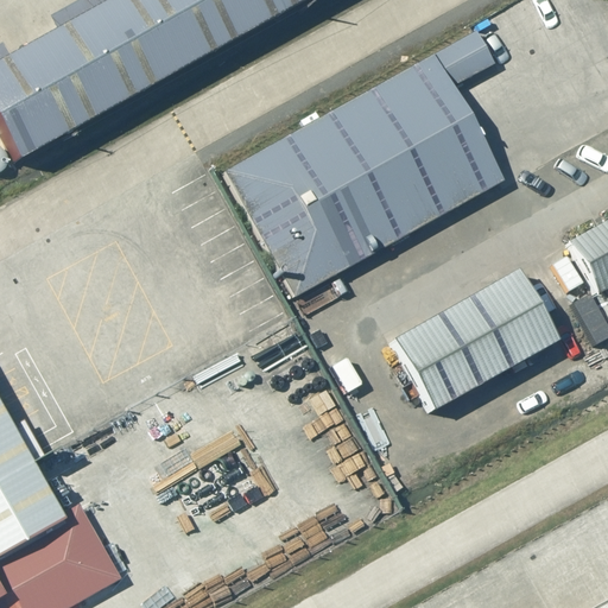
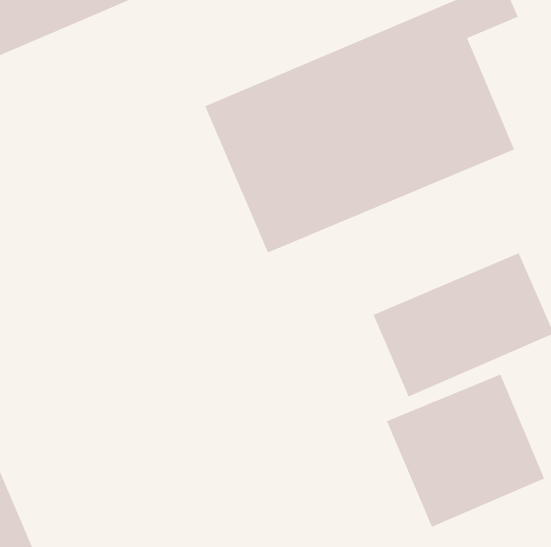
building: none -> [386,373,545,528]

